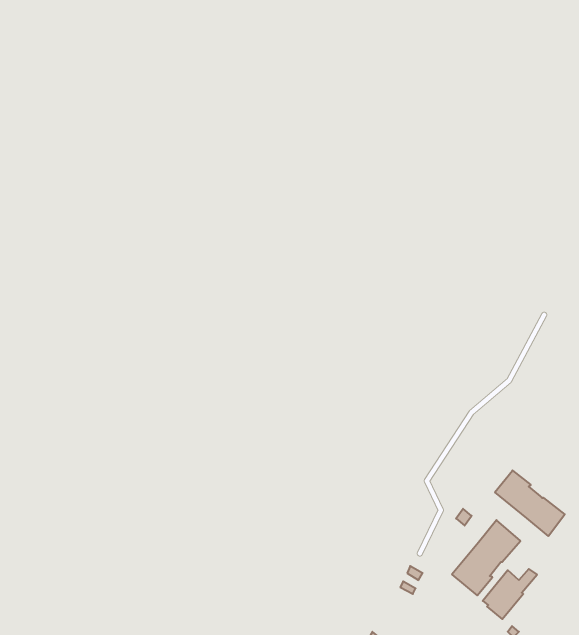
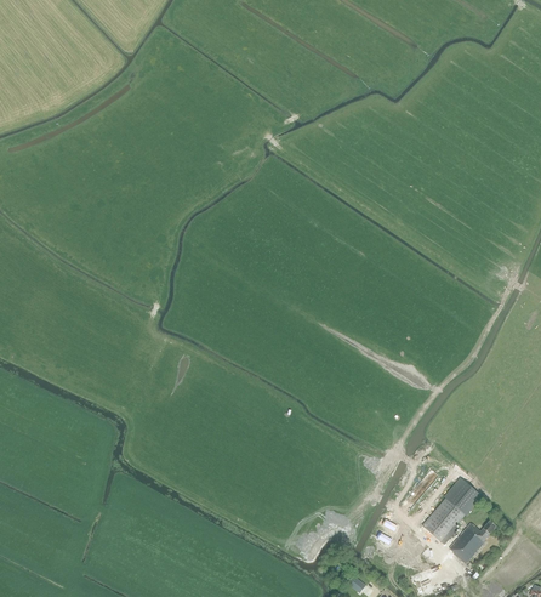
building: [495,470,565,536] -> none

